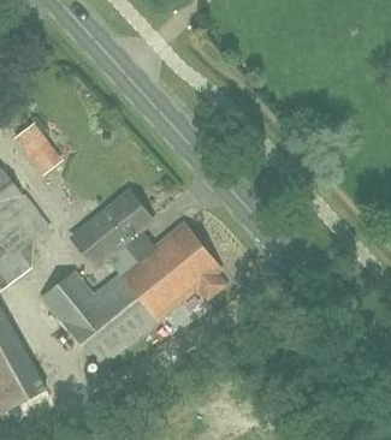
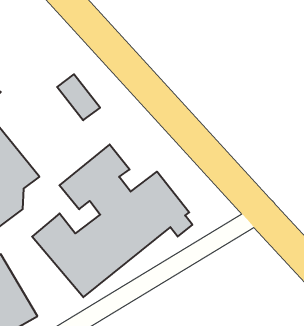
building: [13,118,63,171] -> [57,74,100,120]

